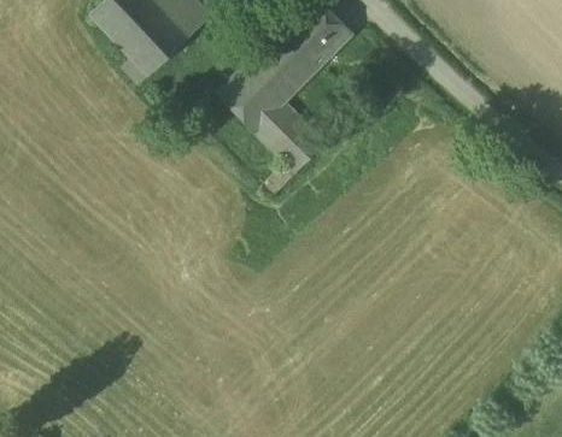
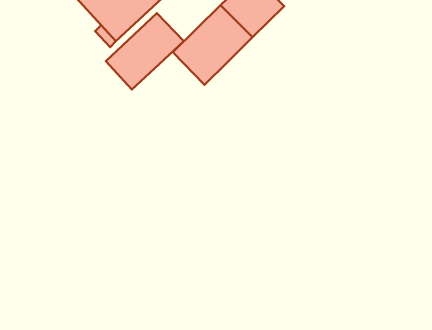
building: none -> [106,13,184,89]
building: [258,105,326,171] -> none

